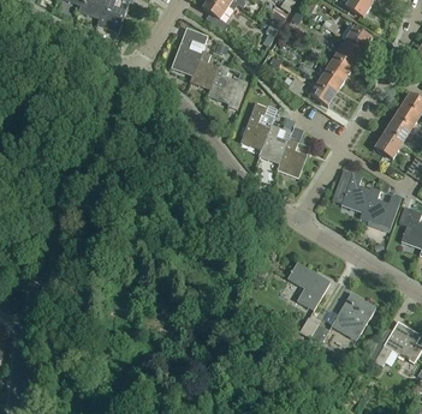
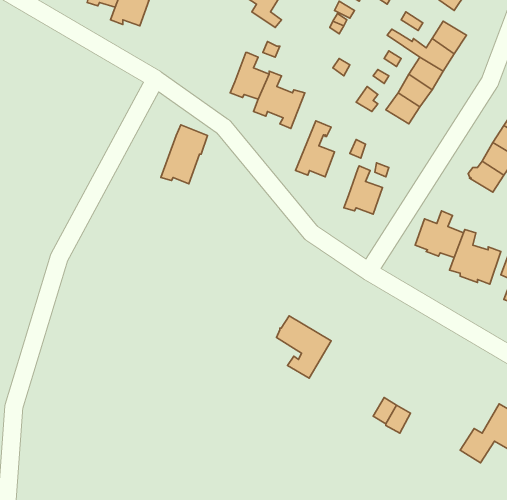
building: [171,28,207,73] -> [161,125,207,184]
building: [258,125,287,161] -> none
building: [287,262,329,310] -> [277,316,331,378]
building: [331,293,375,337] -> none

